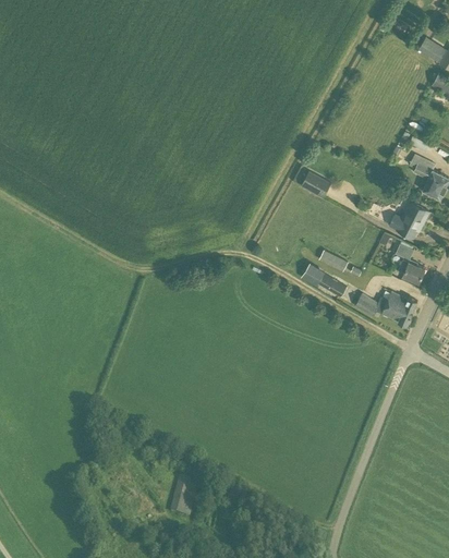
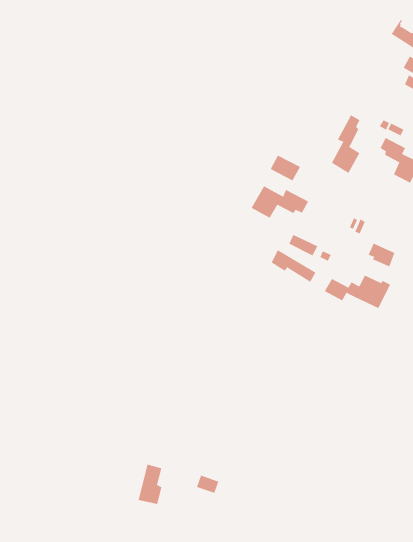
building: none -> [331,114,360,174]
building: none -> [251,185,309,218]
building: [387,203,428,238] -> none

